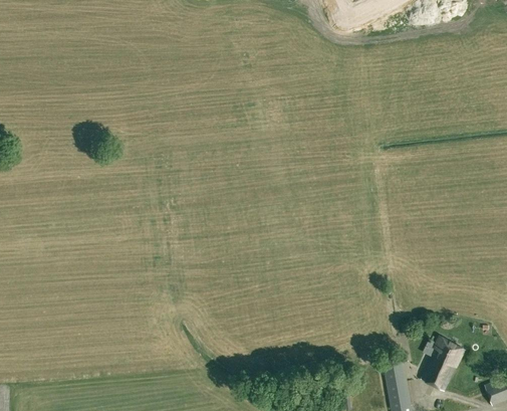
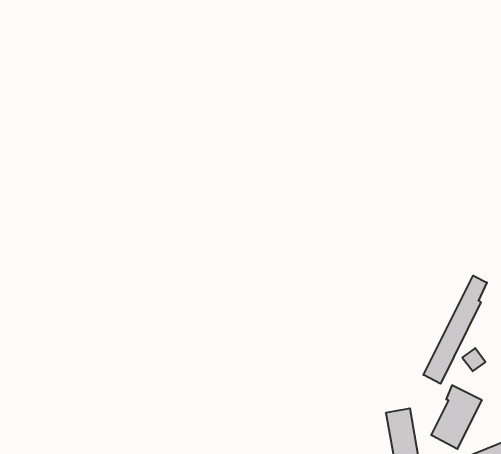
building: none -> [423,276,487,384]

